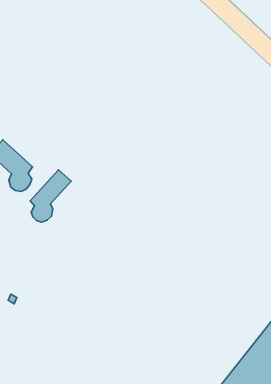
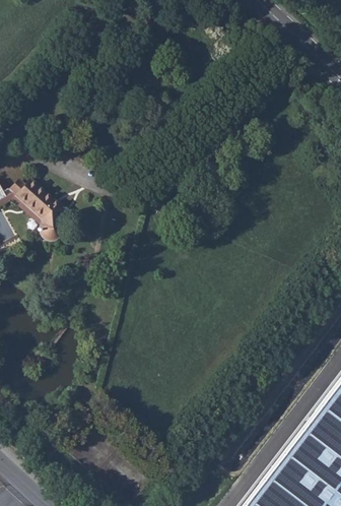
building: [30,170,71,222] -> none

